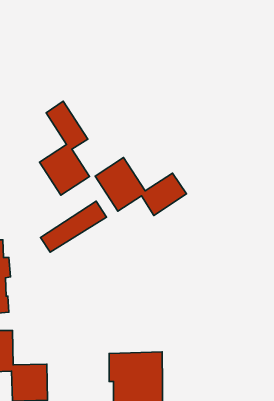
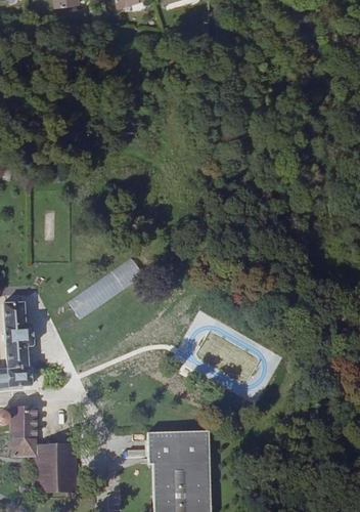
building: [39,101,90,195] -> none
building: [95,158,187,215] -> none

